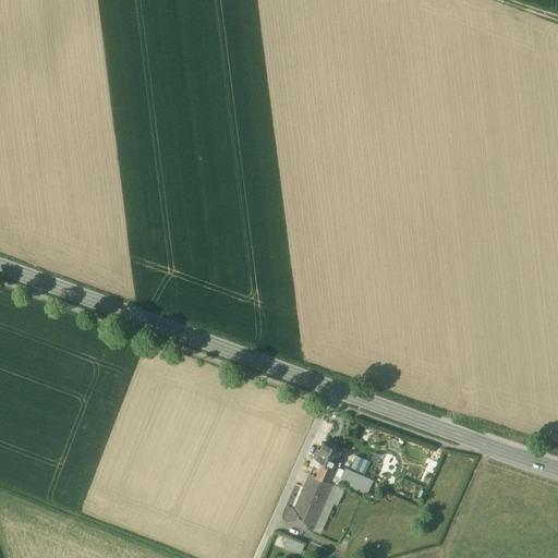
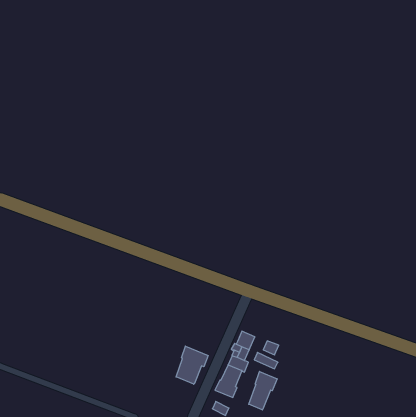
building: none -> [176,346,208,384]
building: none -> [249,371,277,410]

